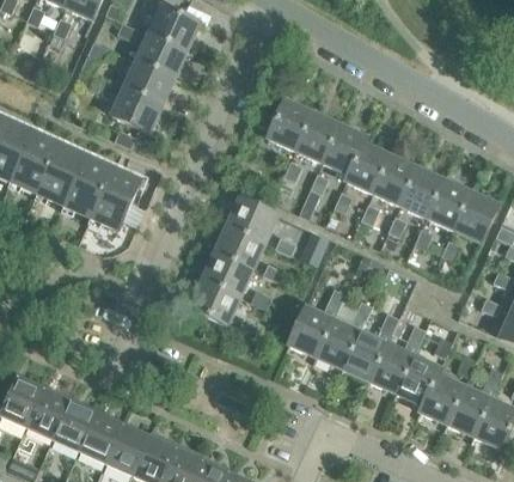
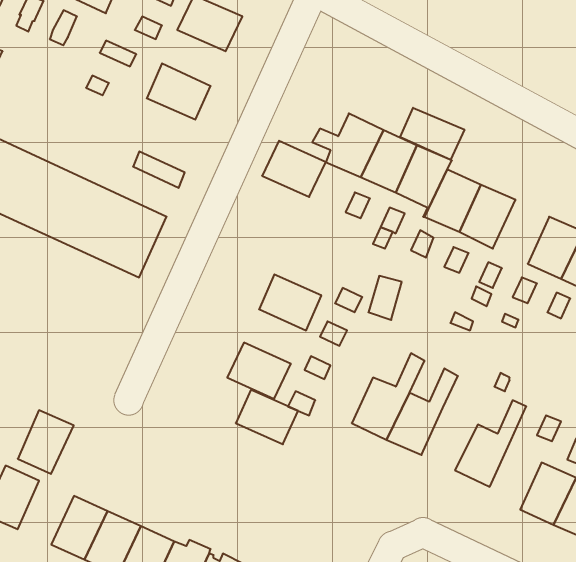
building: [139,33,189,78] -> none
building: [115,87,165,132] -> none
building: none -> [400,108,464,160]
building: [399,167,443,218] -> none
building: [227,199,277,243] -> [262,141,326,197]
building: [203,254,252,297] -> [236,390,298,444]
building: [343,312,399,380] -> none
building: [397,356,441,411] -> none
building: [25,389,69,439] -> [18,410,74,474]

